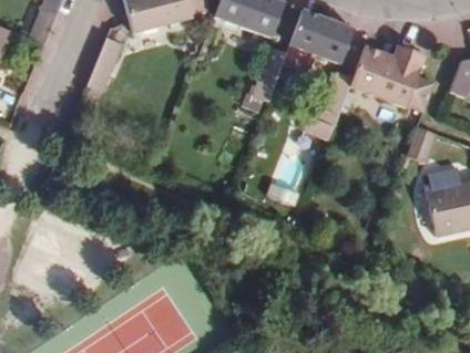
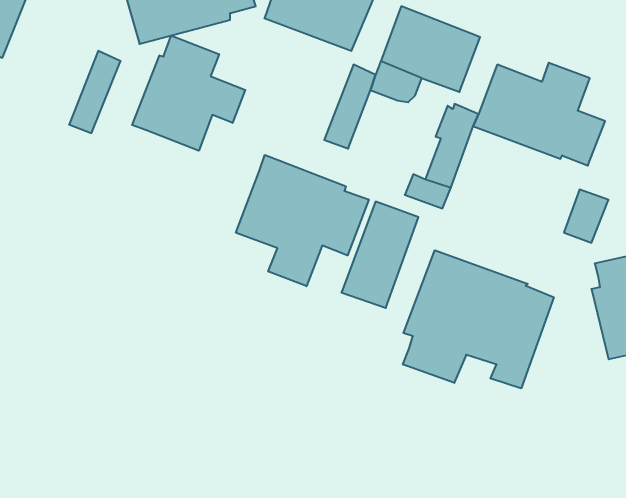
building: none -> [132,36,245,151]
building: none -> [236,155,369,286]
building: none -> [403,250,554,388]

